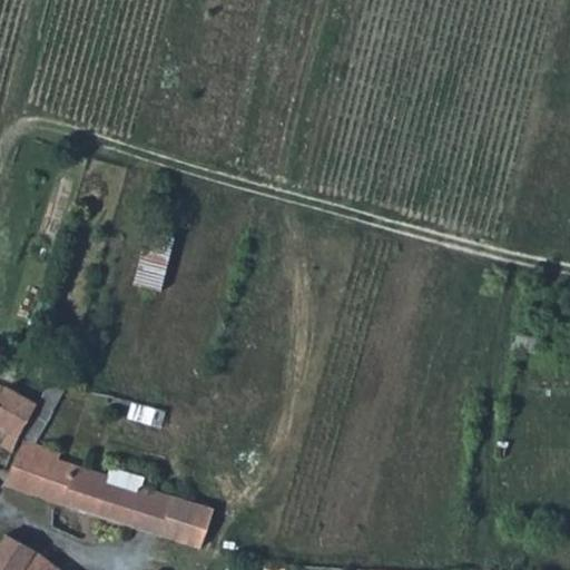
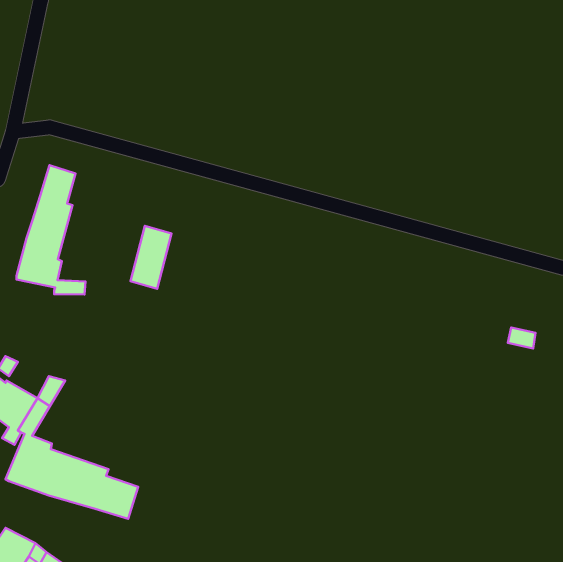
building: none -> [16,165,85,295]
building: [129,485,212,549] -> none

